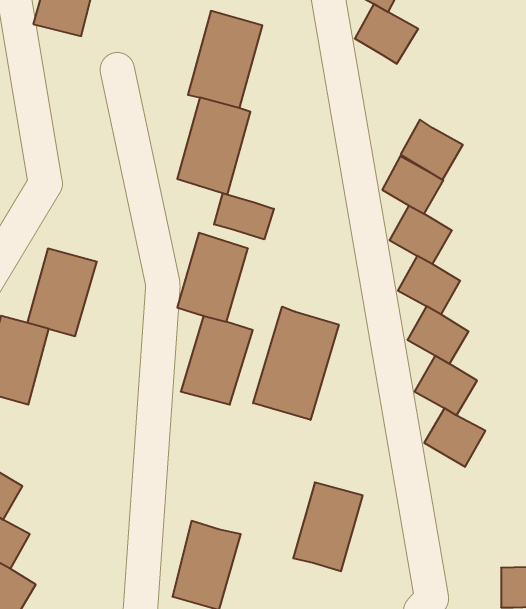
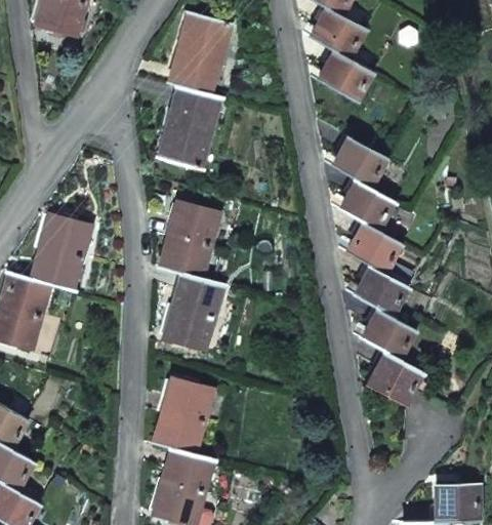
building: [401,120,463,180] -> [319,50,372,102]
building: [214,193,274,239] -> none
building: [253,307,339,420] -> none
building: [293,482,363,571] -> [154,379,213,455]

